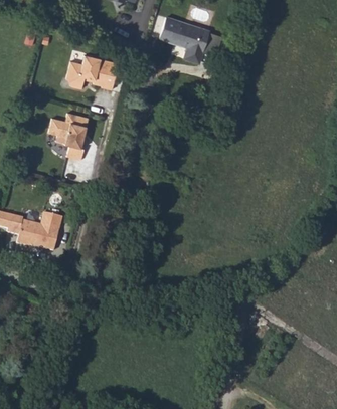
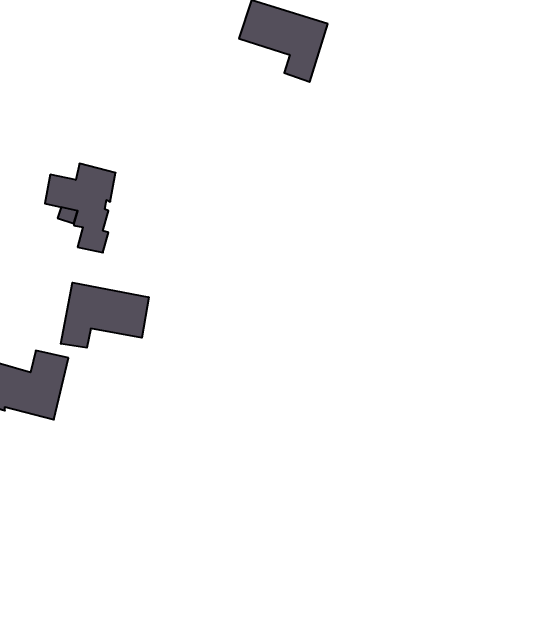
building: [64,52,118,86] -> none
building: none -> [61,283,149,348]

